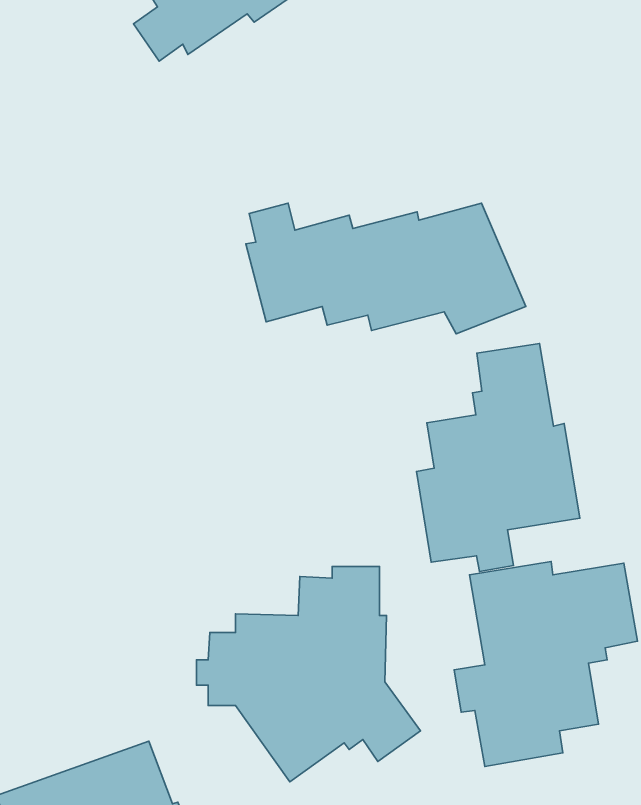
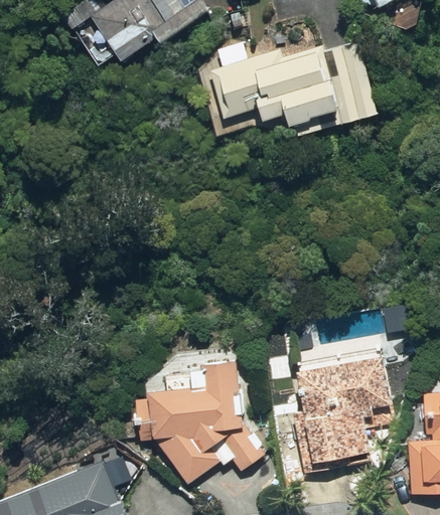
building: [246,203,526,334] -> [218,42,385,120]
building: [416,343,580,571] -> none

